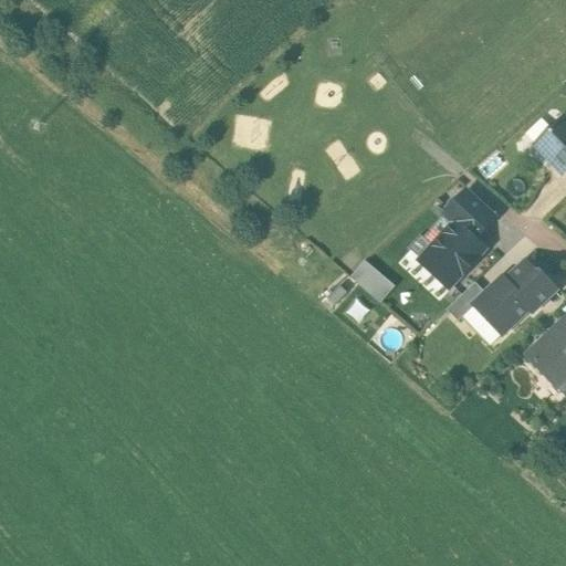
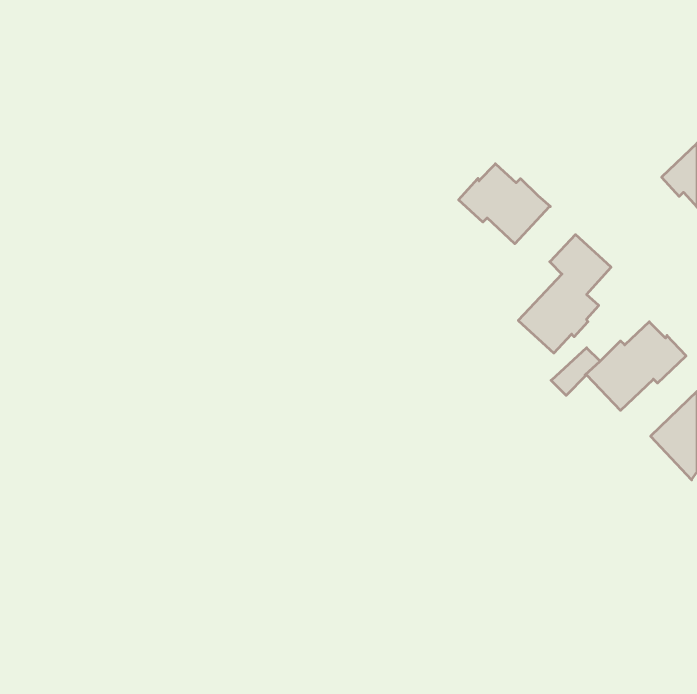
building: none -> [459,164,550,244]
building: [345,258,391,302] -> none

